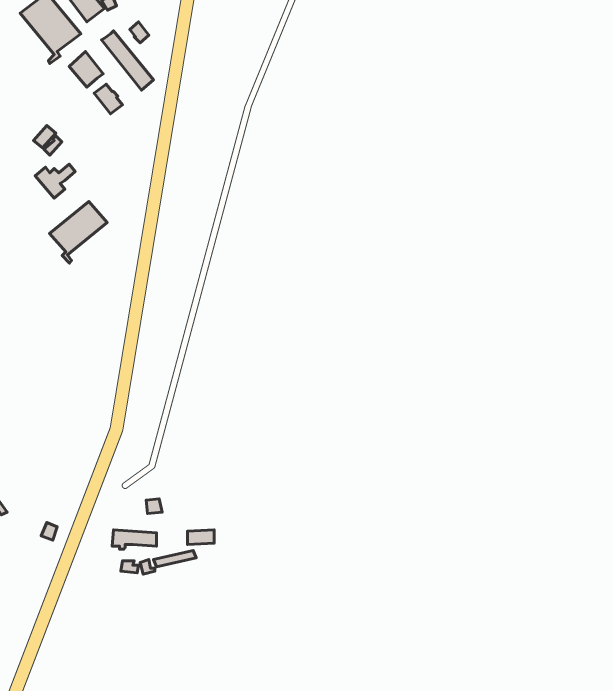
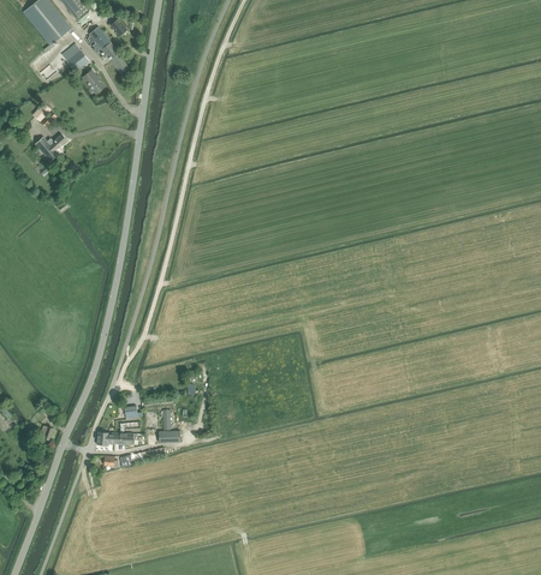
building: [50,201,107,263] -> none

